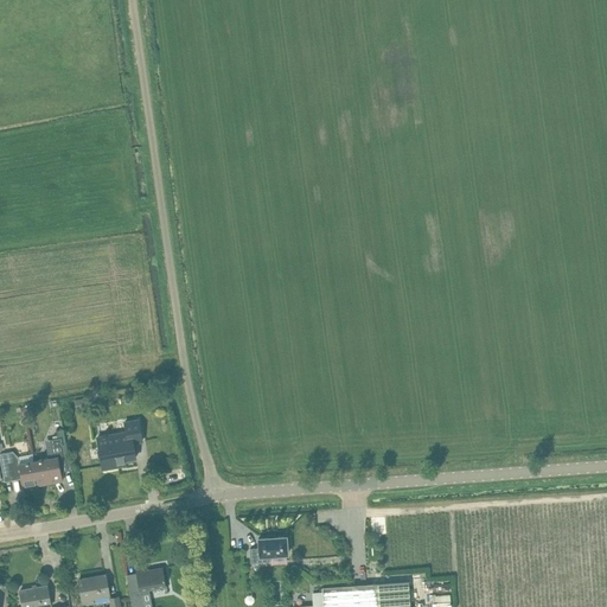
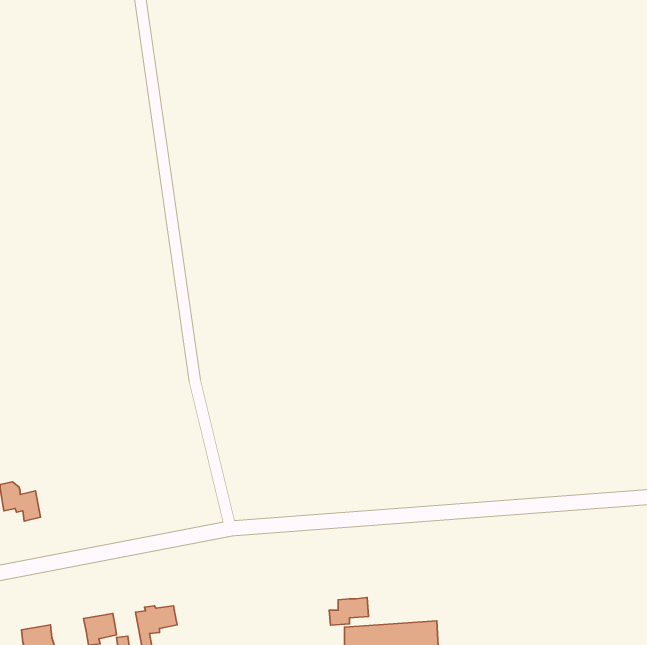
building: [97,421,142,469] -> none
building: [33,430,65,486] -> none
building: [250,538,287,564] -> [329,597,369,625]

